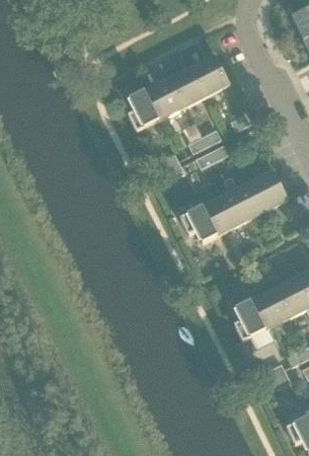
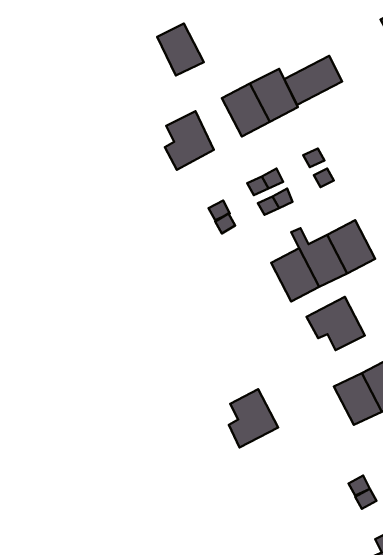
building: none -> [284,56,342,105]
building: [151,76,186,116] -> [157,24,204,75]
building: [179,202,224,242] -> [306,297,365,350]
building: [234,296,272,340] -> [229,389,278,448]

